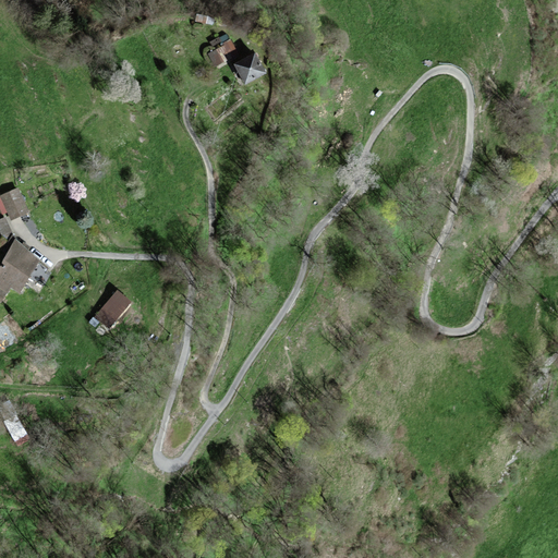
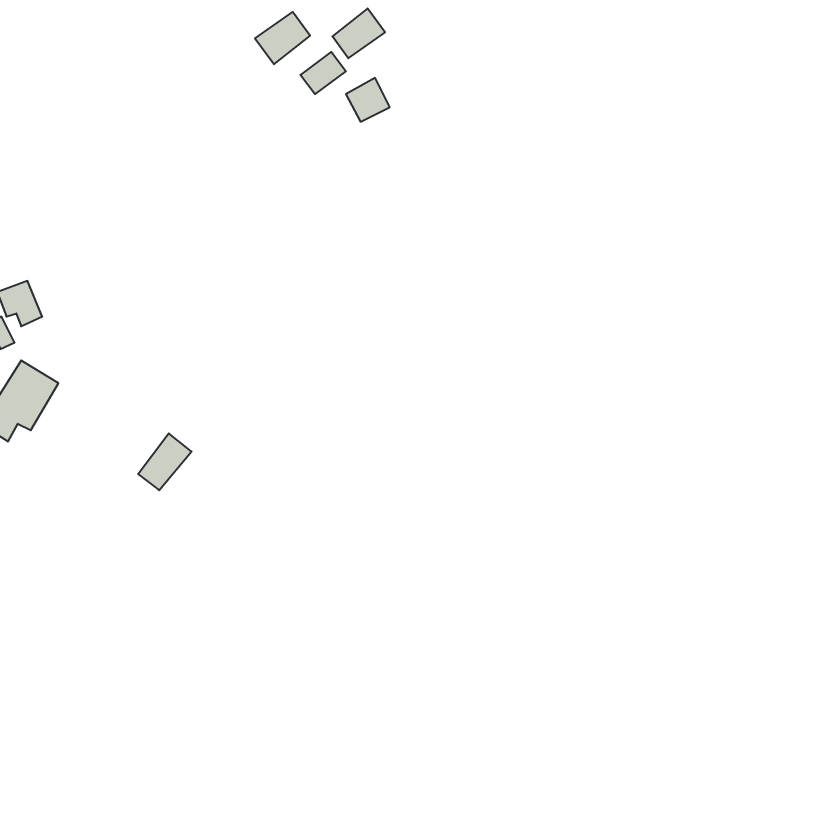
building: none -> [332,8,385,58]
building: none -> [255,12,310,64]

